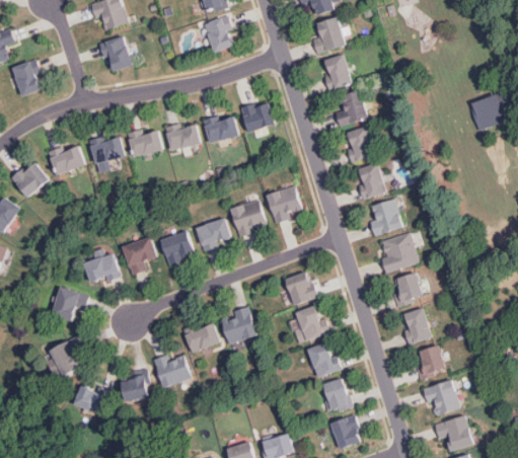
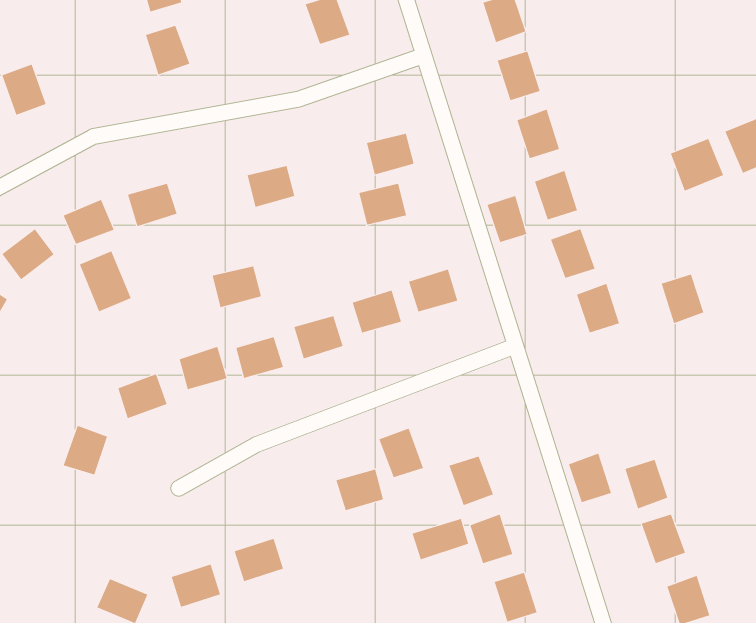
building: none -> [670,138,724,192]
building: [206,116,236,142] -> [358,183,407,225]
building: [130,130,161,156] -> [212,266,262,308]
building: none -> [487,195,527,243]
building: none -> [79,251,131,312]
building: [387,235,415,266] -> [661,274,704,324]
building: [395,272,423,303] -> [568,453,612,503]
building: [284,273,312,304] -> [379,428,424,478]
building: [188,321,219,349] -> none
building: [49,340,79,374] -> none
building: none -> [412,518,469,560]

